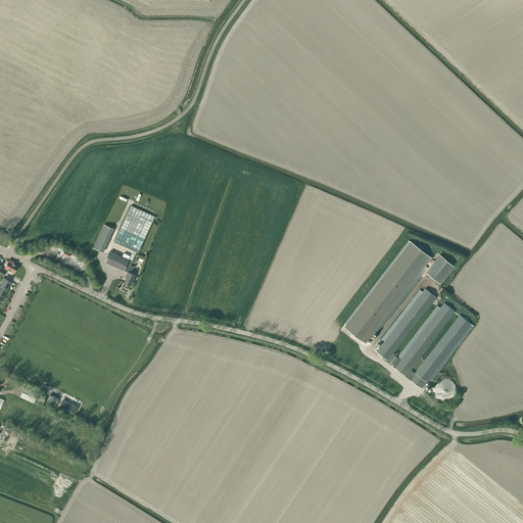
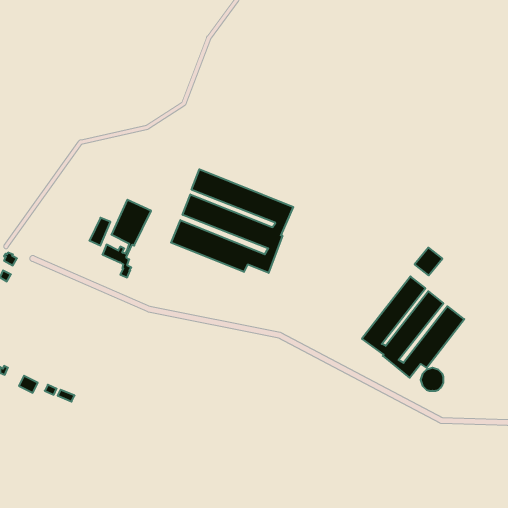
building: none -> [171,169,293,273]
building: [345,240,431,342] -> none

